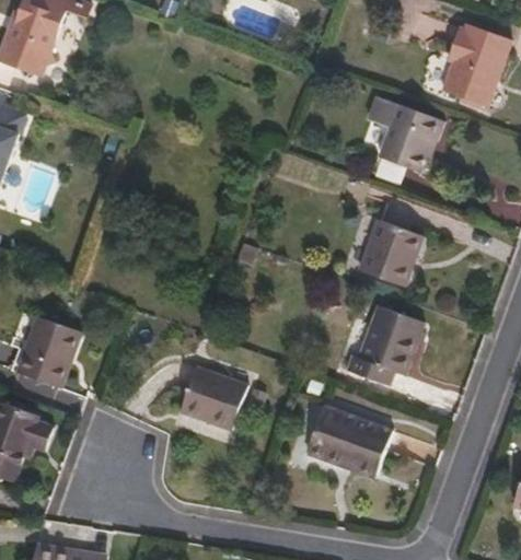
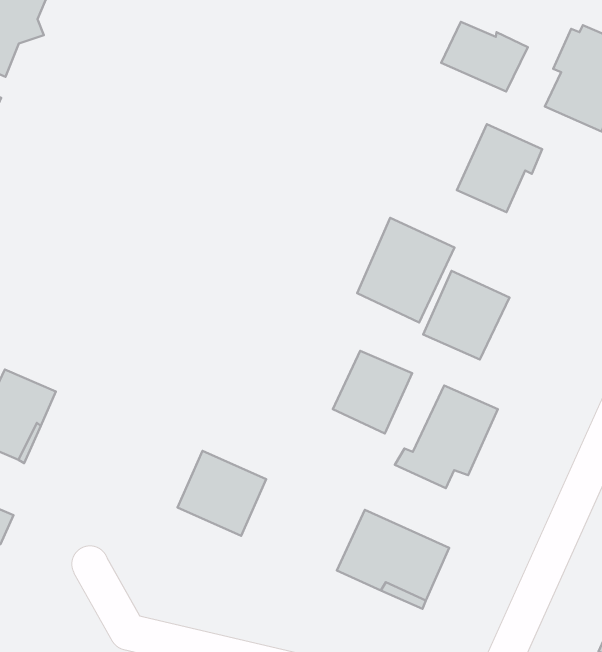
building: none -> [441,22,528,92]
building: none -> [357,218,455,323]
building: none -> [333,351,412,433]

